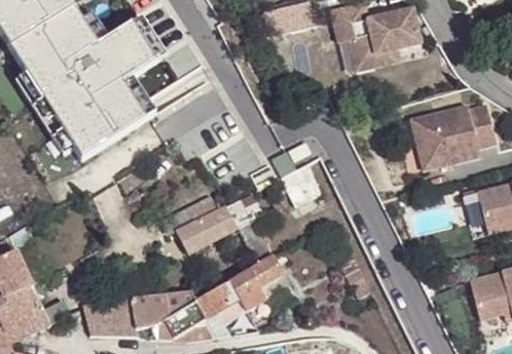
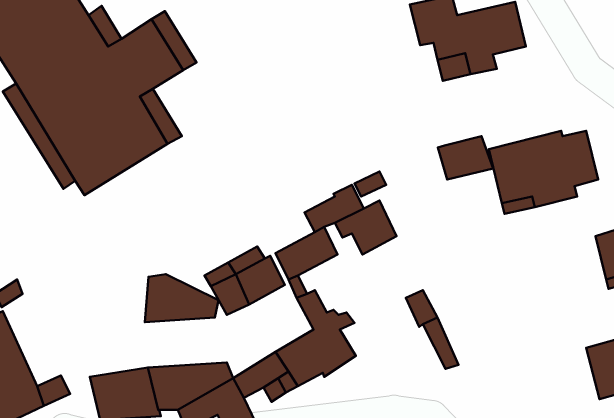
building: none -> [438,136,493,180]
building: none -> [145,274,219,322]

